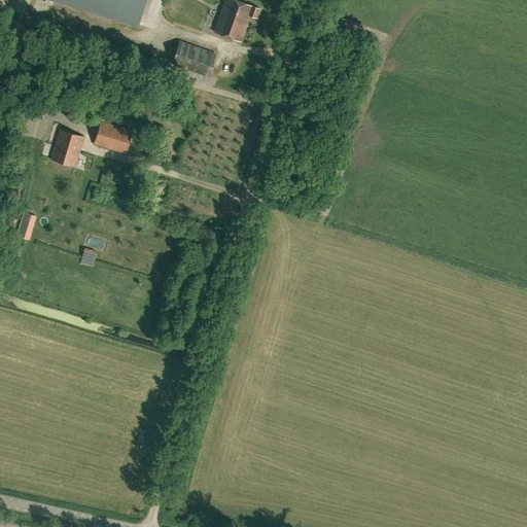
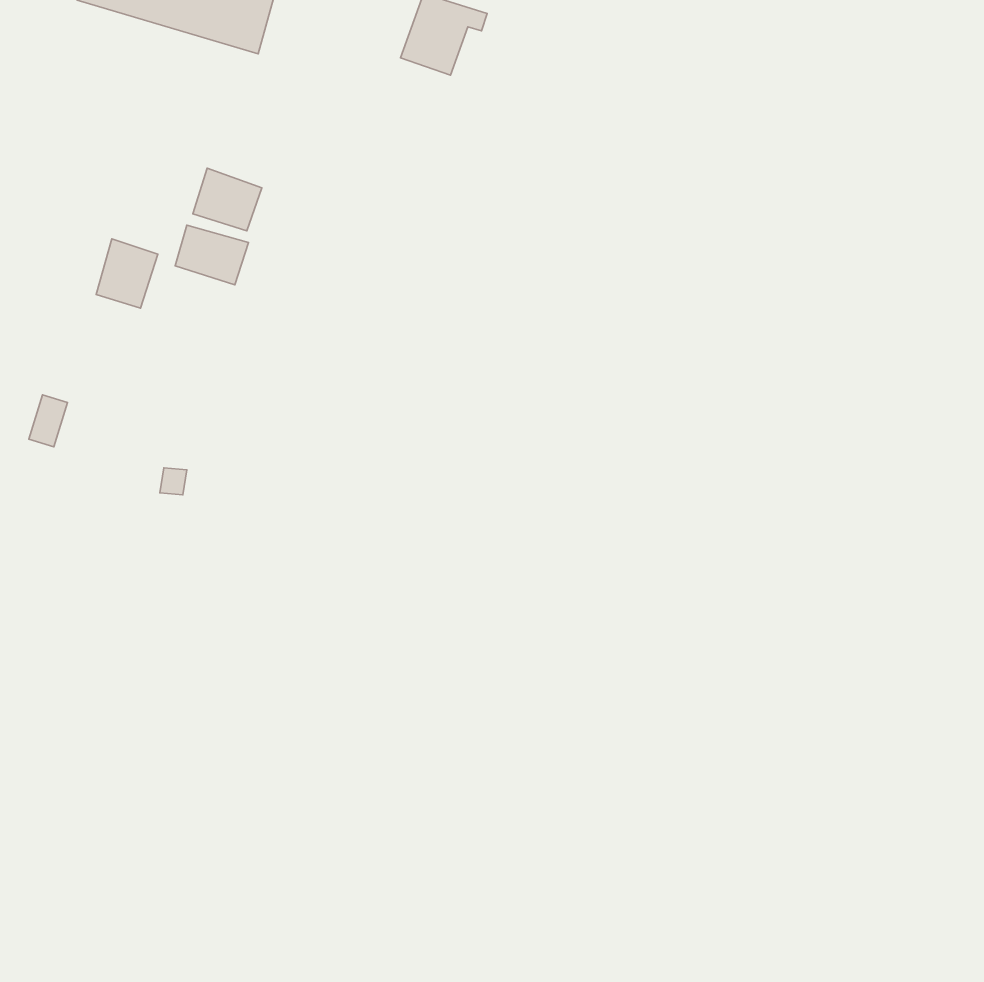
building: [172,40,216,75] -> none
building: none -> [193,168,262,231]

